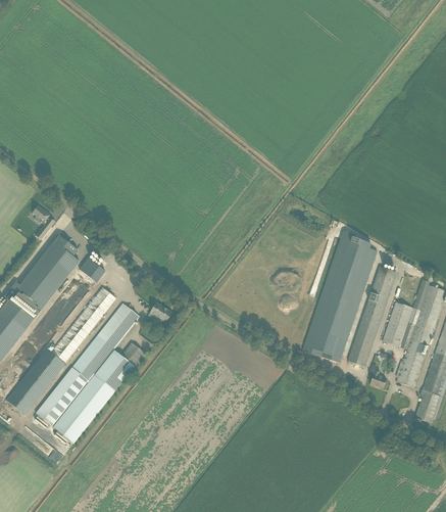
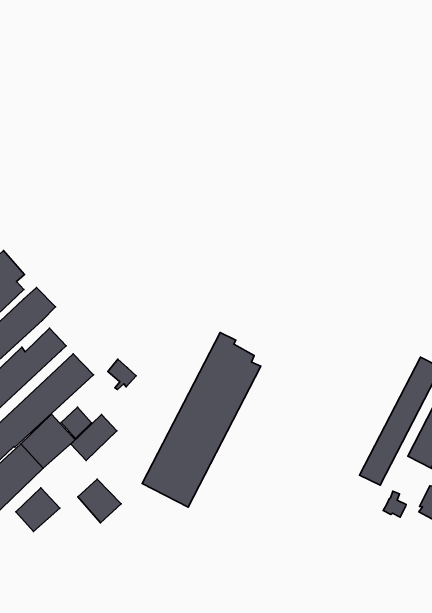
building: [302,229,377,362] -> [142,332,261,507]
building: none -> [71,415,117,460]
building: none -> [78,479,121,523]
building: none -> [16,488,60,531]

